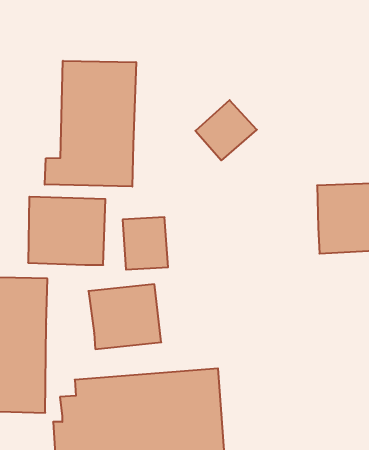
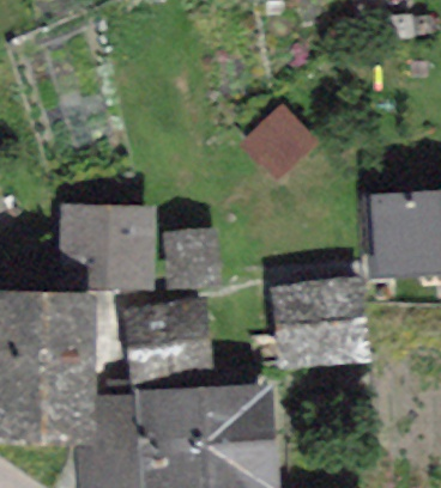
building: [45,61,136,187] -> none
building: none -> [278,282,366,358]

